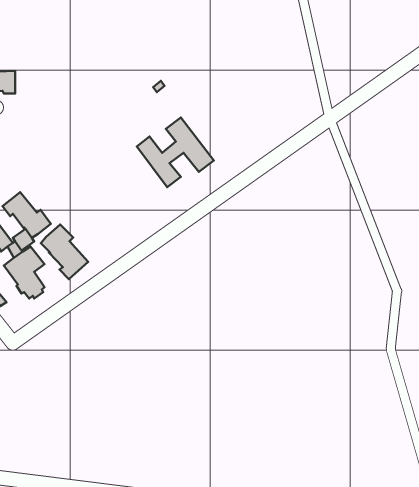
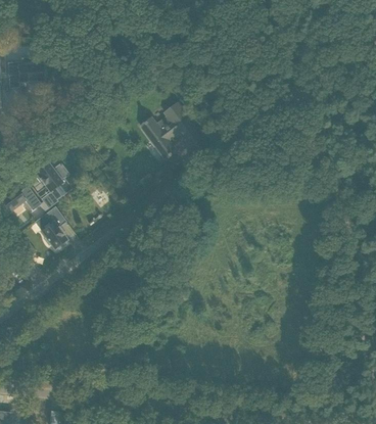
building: [41,225,88,279] -> none

